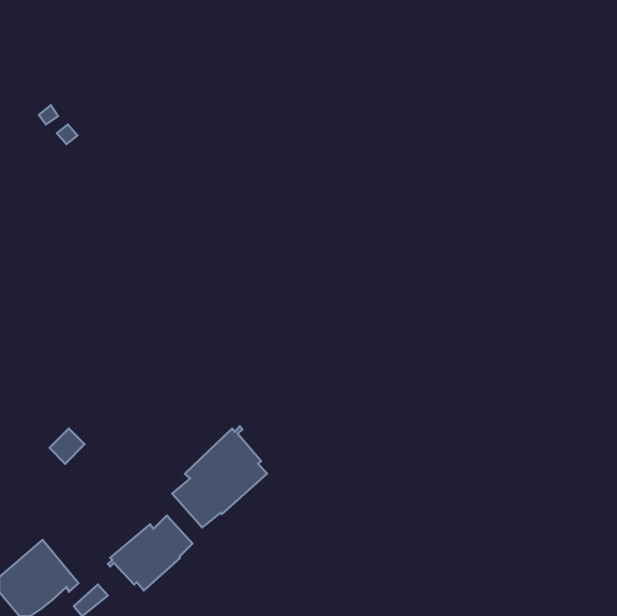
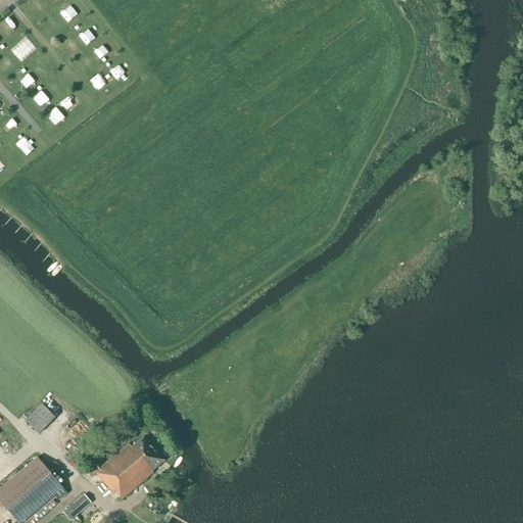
building: [172,426,267,527] -> none
building: [49,429,85,464] -> [25,402,54,432]

